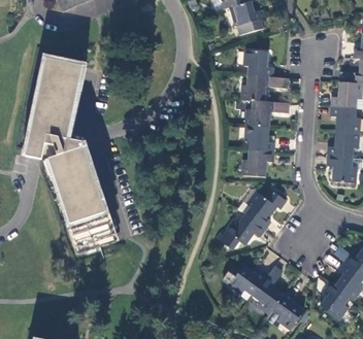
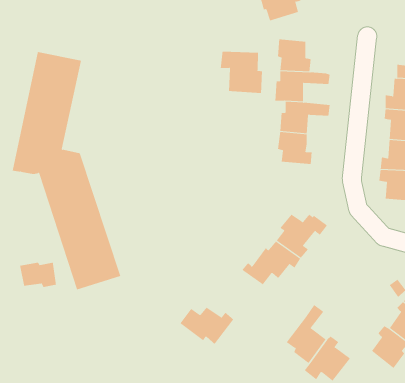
building: none -> [220,51,263,94]
building: [242,150,271,176] -> none
building: none -> [19,262,56,288]
building: [222,266,266,297] -> [179,307,234,345]

